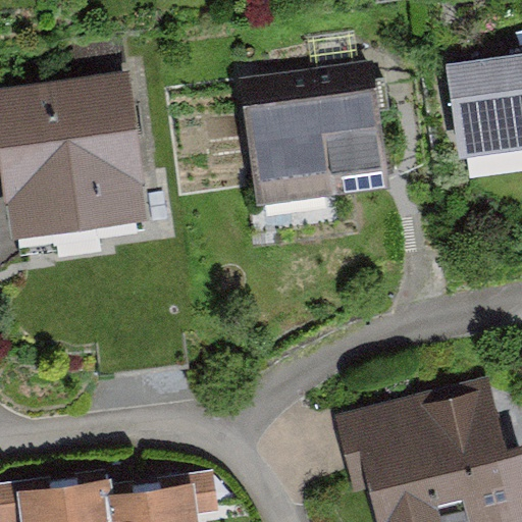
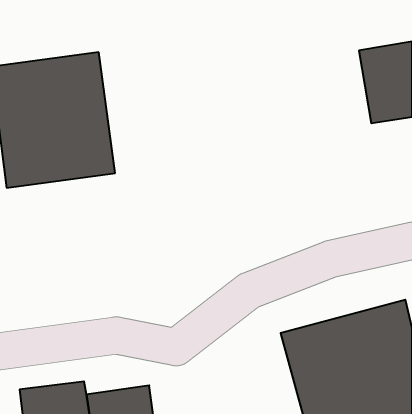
building: [242,69,389,206] -> none

